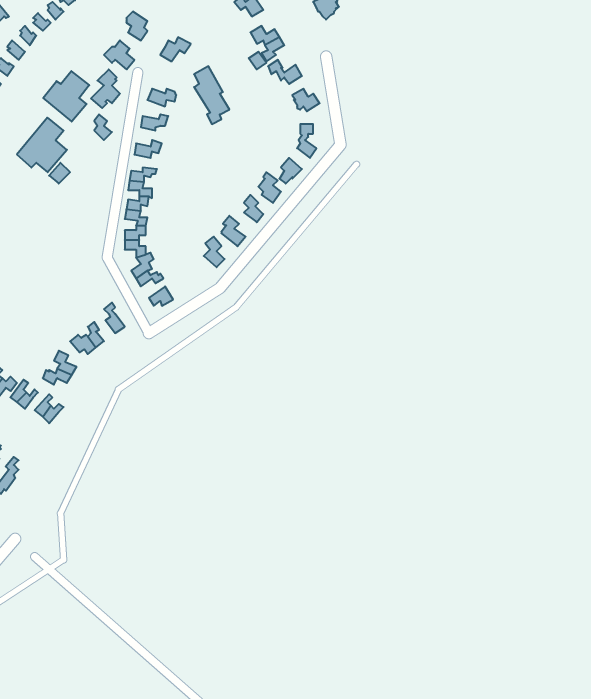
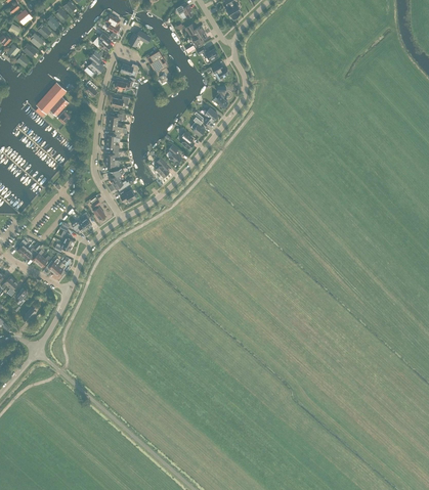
building: [43,71,89,122] -> none

